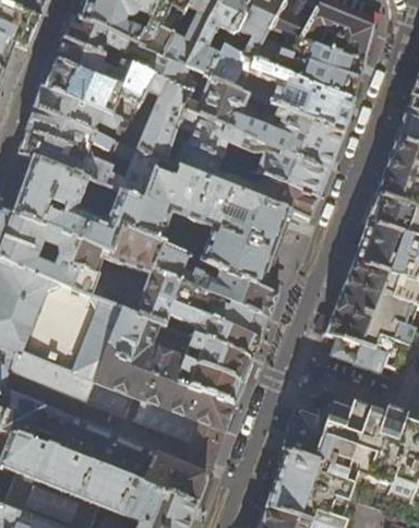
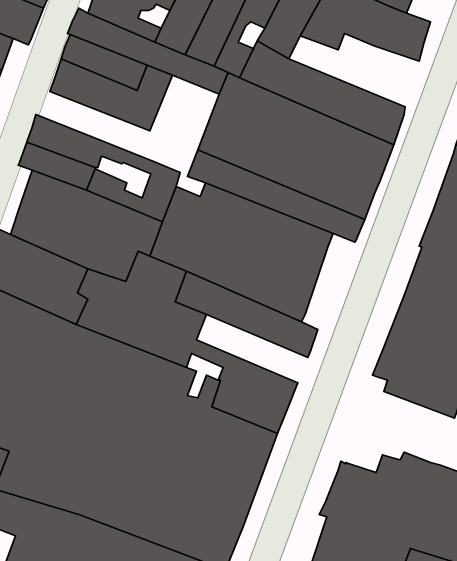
building: [252,39,364,103] -> none
building: [137,75,192,163] -> none
building: [34,88,133,136] -> none
building: [172,281,268,340] -> none

